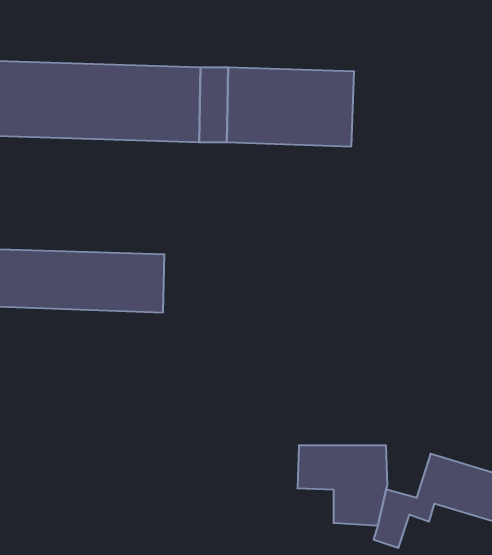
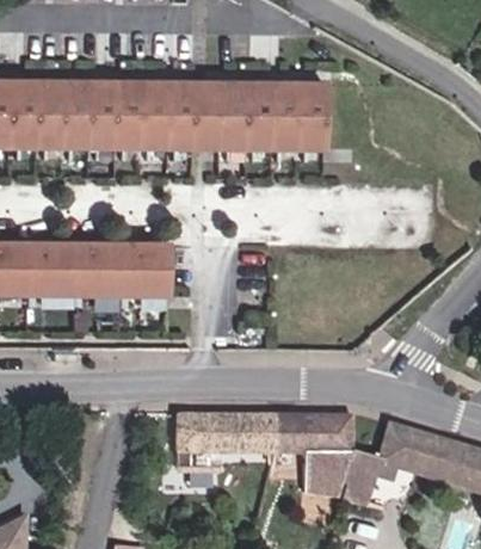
building: none -> [175,412,275,470]

